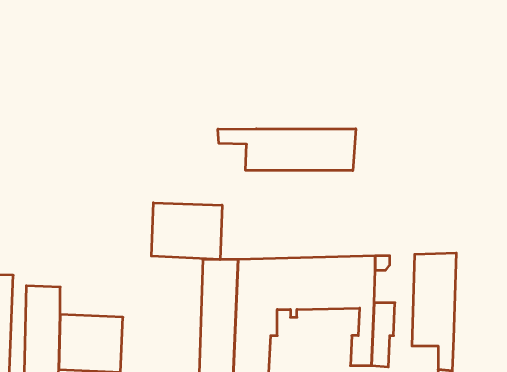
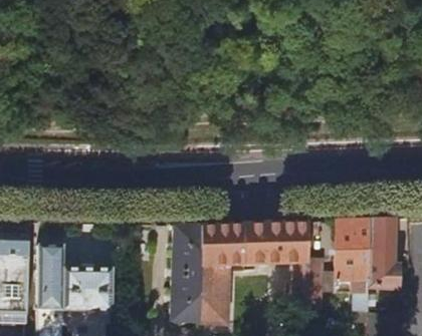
building: [218,129,356,171] -> none
building: [151,203,222,260] -> none
building: none -> [369,221,399,288]

